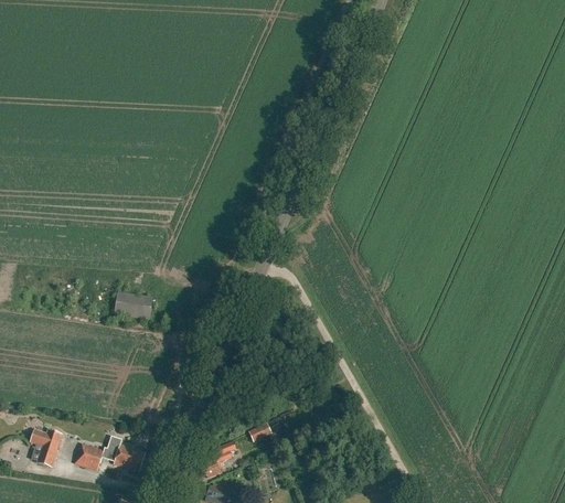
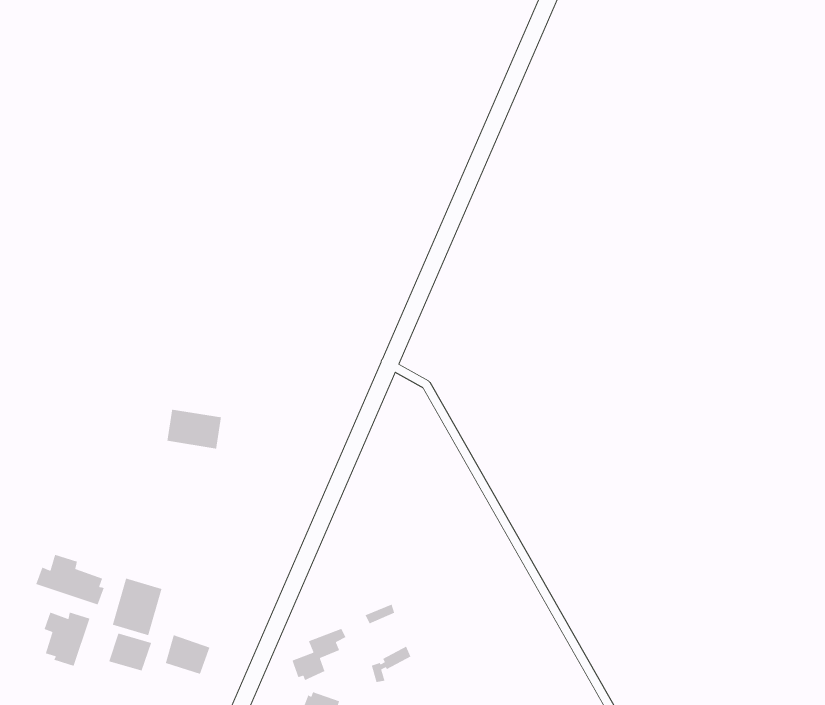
building: none -> [35,554,105,605]
building: none -> [112,577,162,636]

